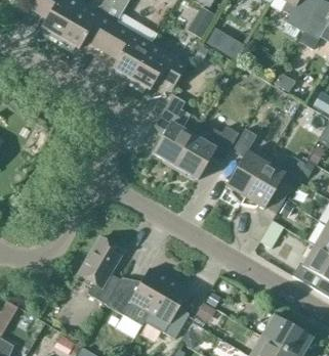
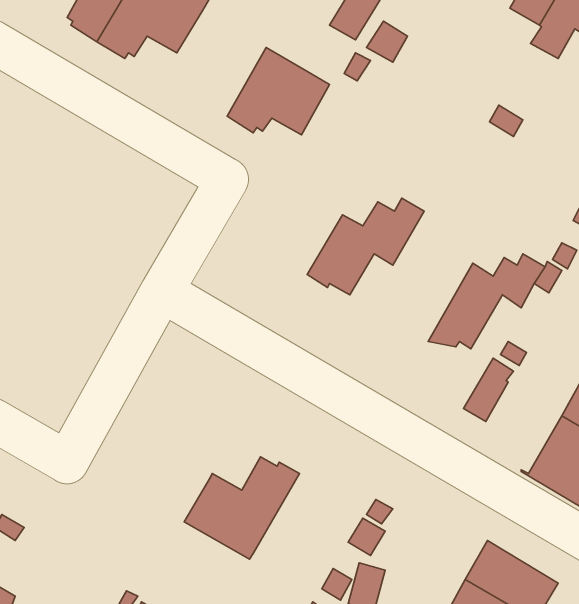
building: [101,23,151,81] -> none
building: [152,95,193,168] -> none
building: [224,128,264,205] -> none
building: [78,237,122,304] -> none
building: [143,277,188,339] -> none

